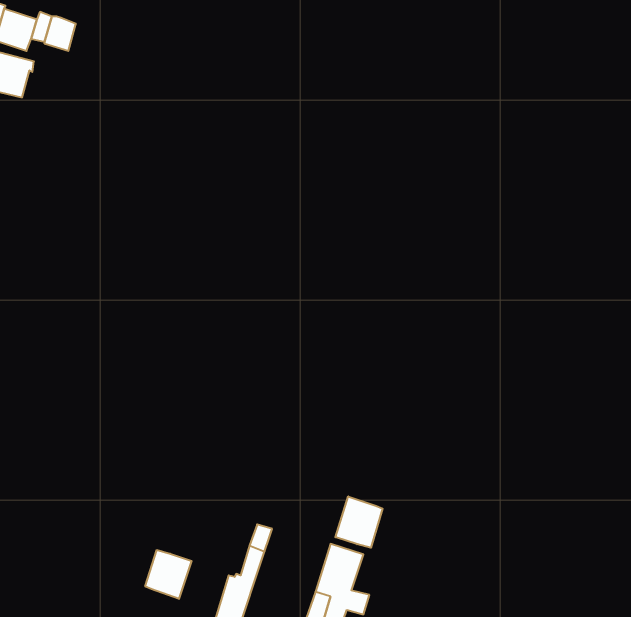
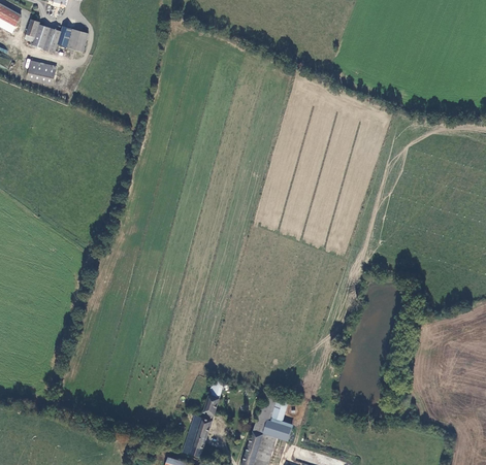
building: [335,496,383,548] -> none
building: [145,550,192,599] -> none

